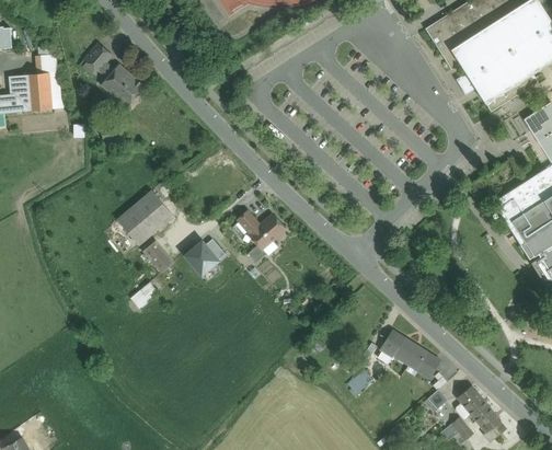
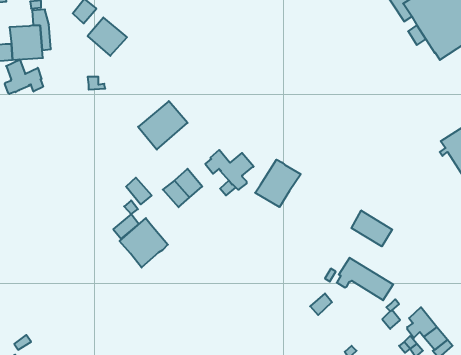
building: none -> [5,59,43,94]
building: [118,191,173,244] -> [138,101,188,150]
building: none -> [255,160,301,207]
building: none -> [351,210,392,246]
building: none -> [120,218,168,268]

